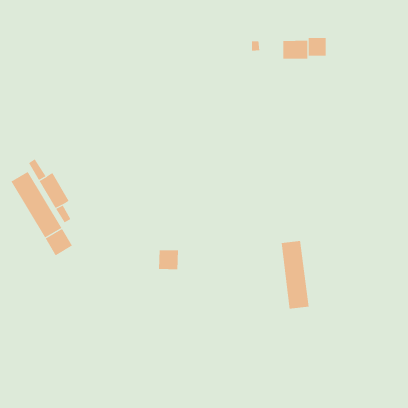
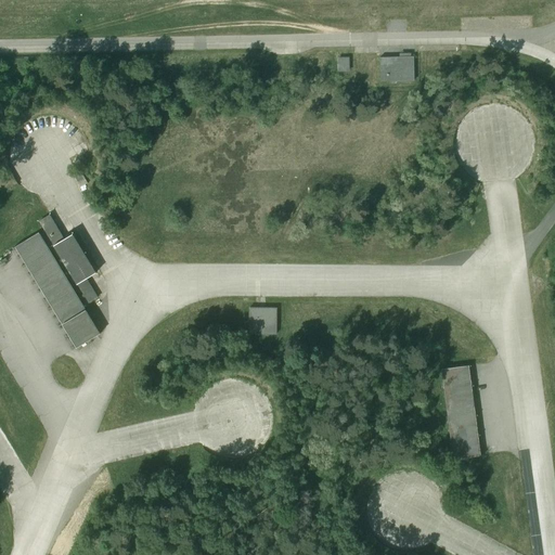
building: [308,37,326,57] -> none
building: [281,240,310,309] -> [440,365,479,459]
building: [158,250,179,270] -> [247,307,275,334]

